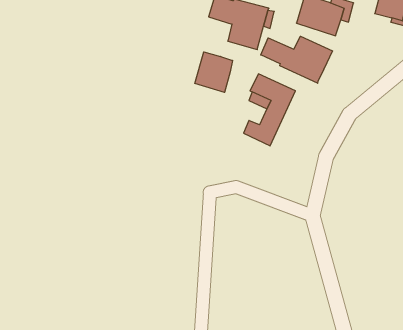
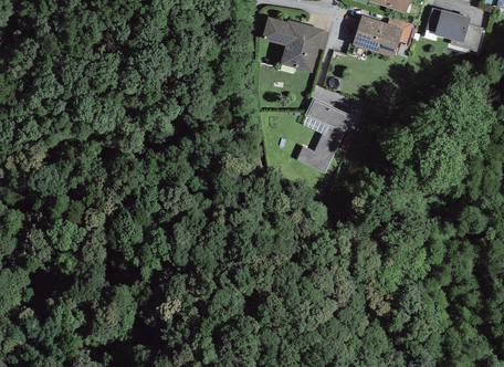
building: [261,36,332,83] -> none
building: [195,52,233,92] -> none

